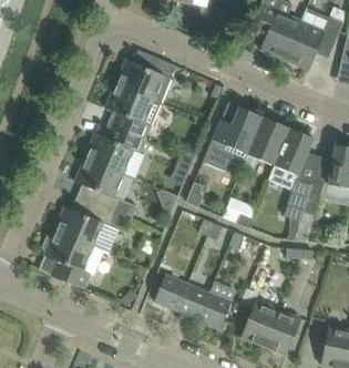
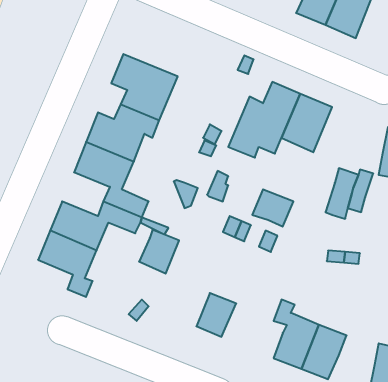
building: [115,59,176,102] -> none
building: [274,127,312,175] -> none
building: [154,274,187,310] -> [139,230,179,274]
building: [197,292,230,328] -> none

